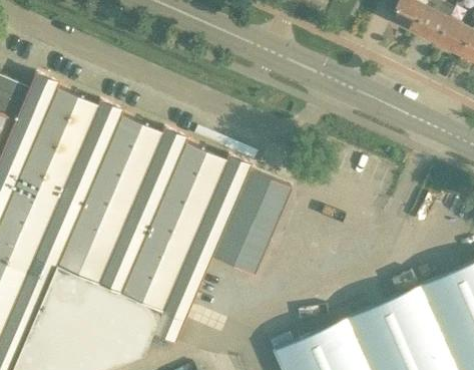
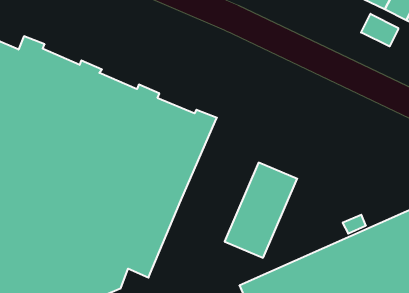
building: none -> [361,14,398,46]
building: [209,167,291,274] -> [225,163,297,258]

